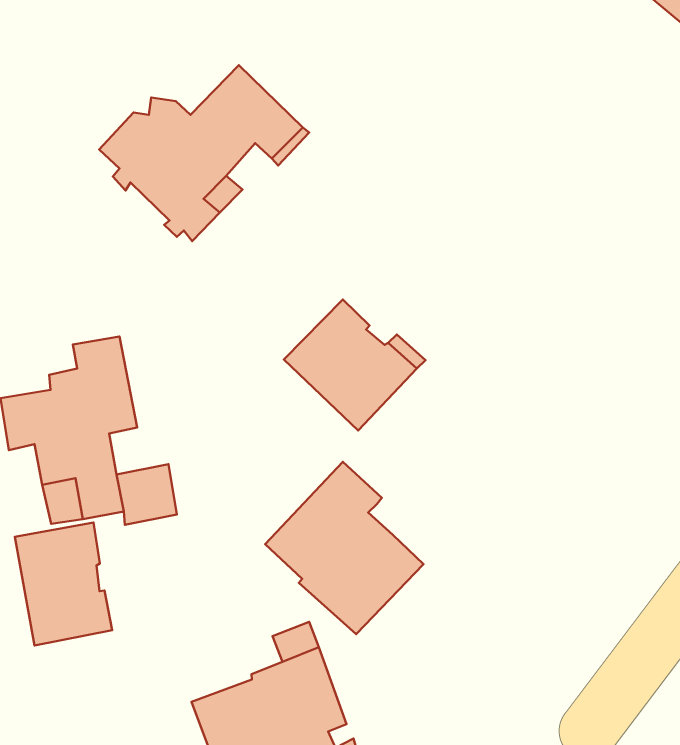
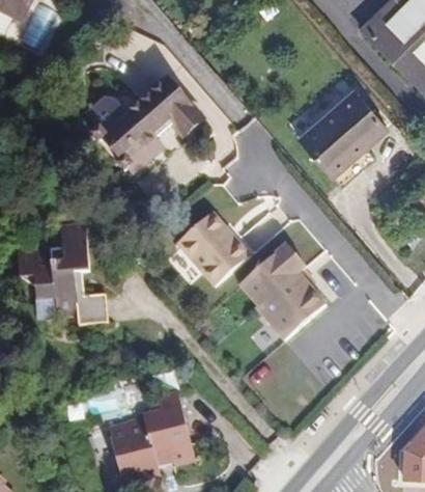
building: none -> [300,89,388,184]
building: [265,462,424,634] -> [237,242,323,337]
building: [15,522,112,646] -> none

